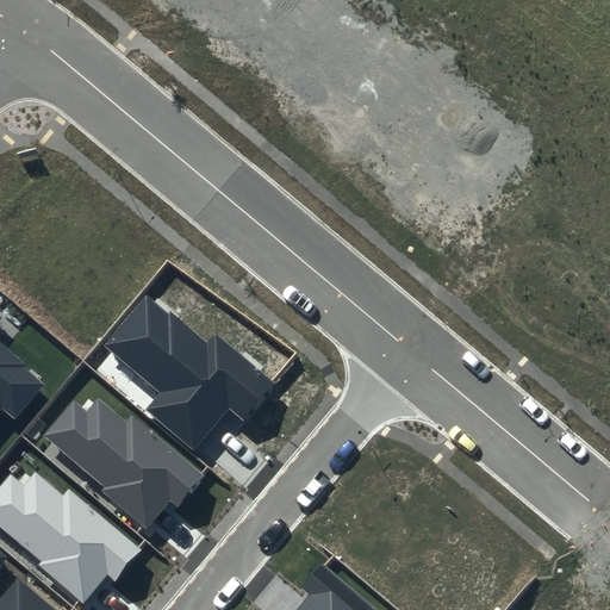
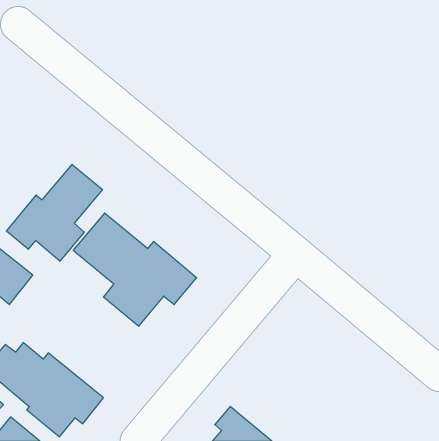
building: none -> [6,164,102,261]
building: [42,397,203,529] -> none

